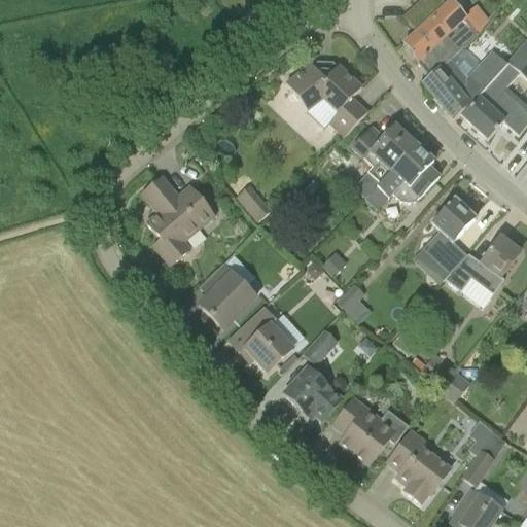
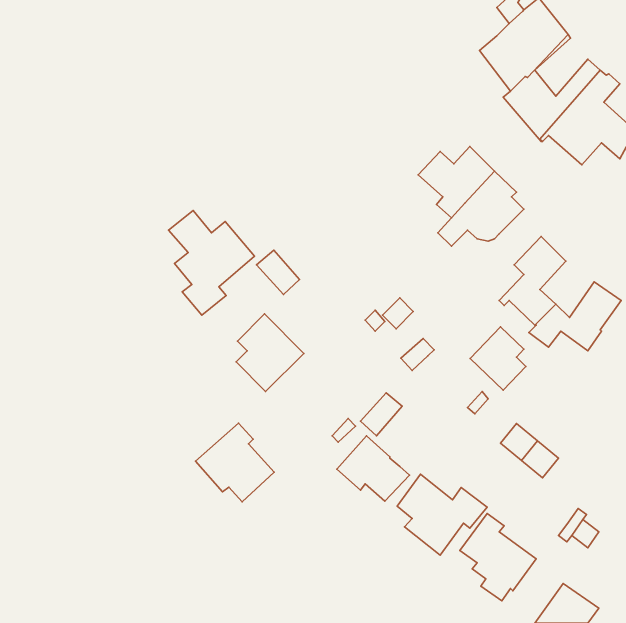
building: [287,62,367,135] -> none
building: [236,183,272,220] -> [257,250,300,294]
building: none -> [470,327,526,390]
building: [229,306,294,372] -> [195,423,274,502]
building: [461,448,494,485] -> none

